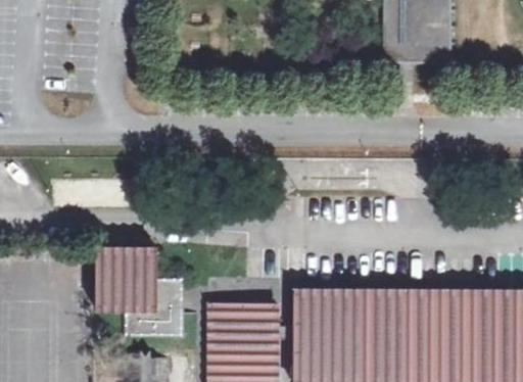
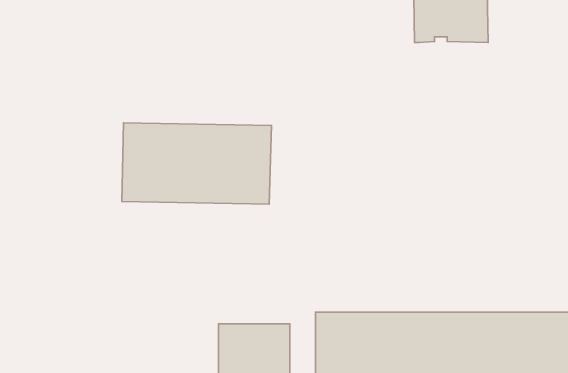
building: none -> [122,123,272,204]
building: [96,249,181,332] -> none

